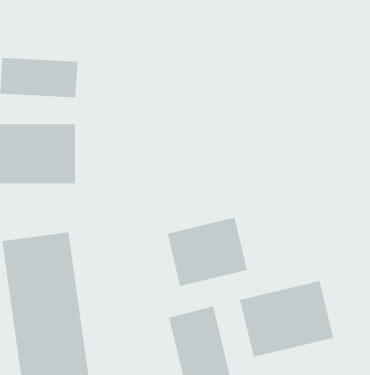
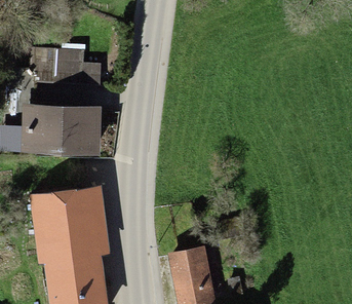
building: [167,217,248,287] -> none
building: [239,280,334,358] -> none

